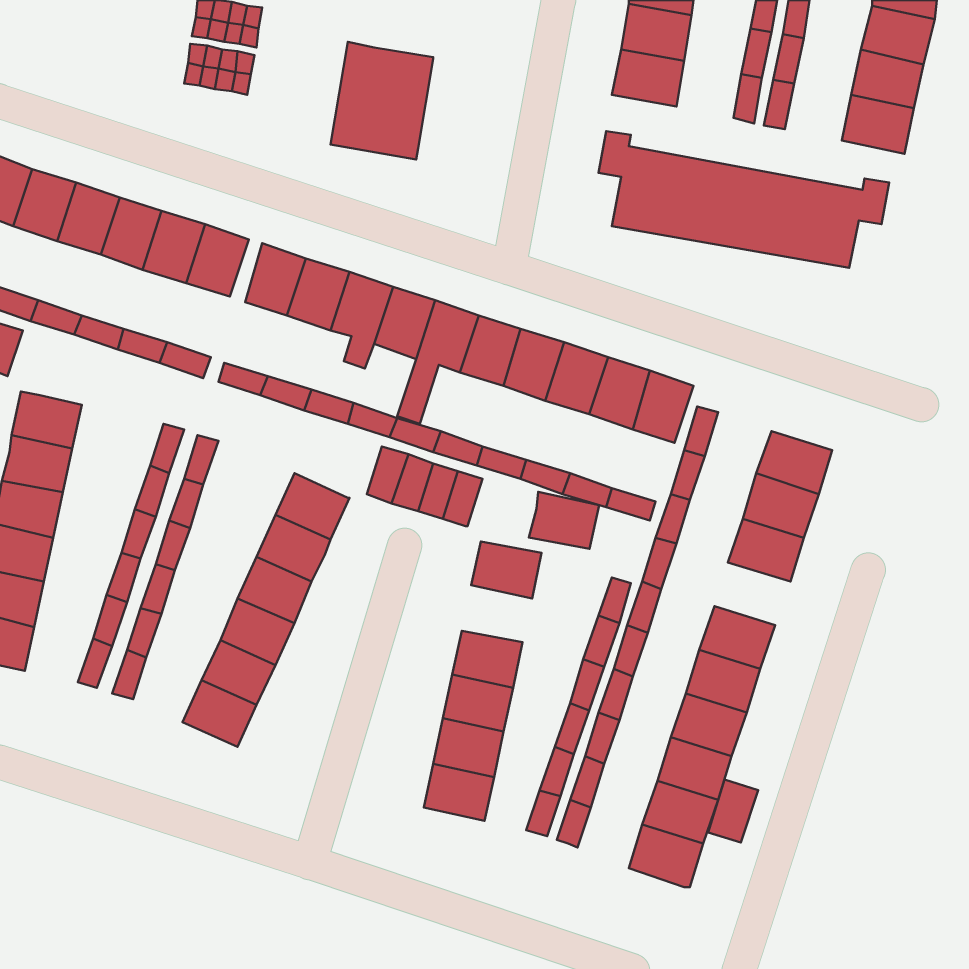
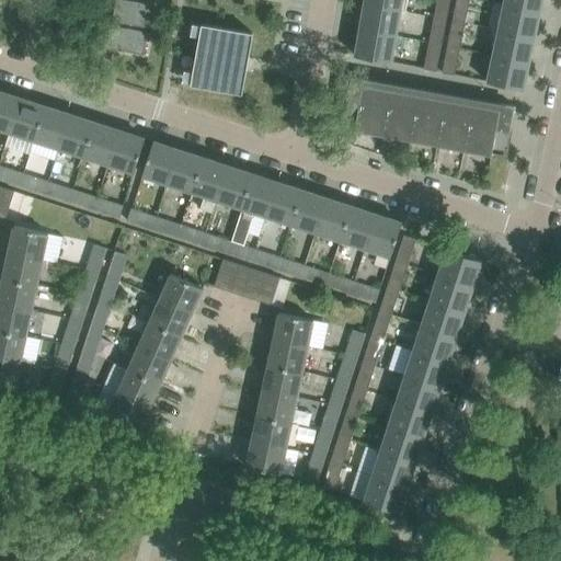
building: [529,492,599,549] -> [266,339,307,371]
building: none -> [412,325,456,362]
building: [708,780,758,842] -> none

